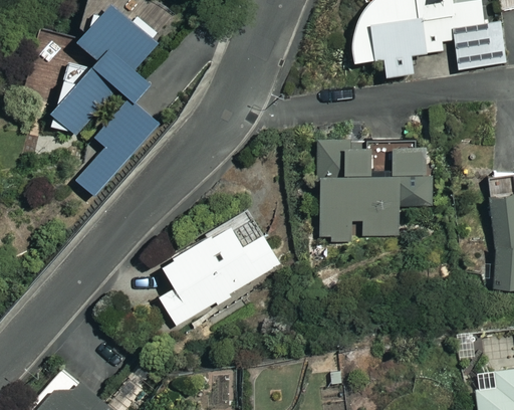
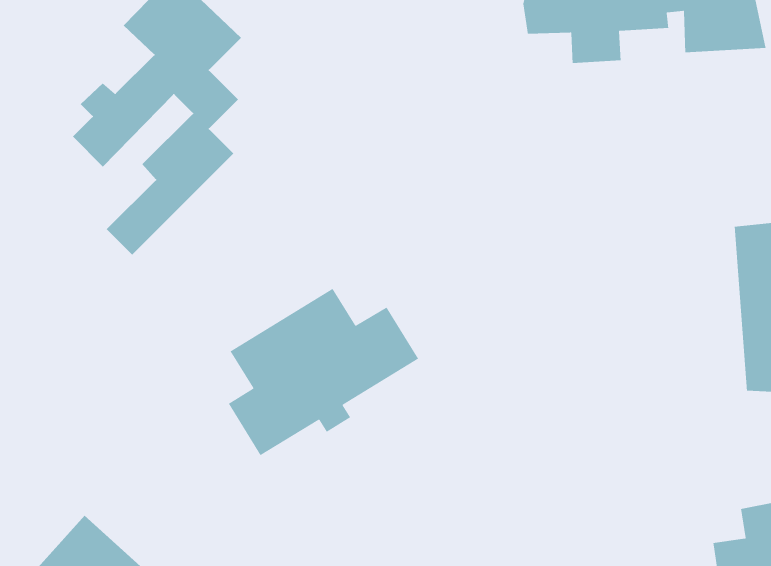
building: [317,140,429,246] -> none

